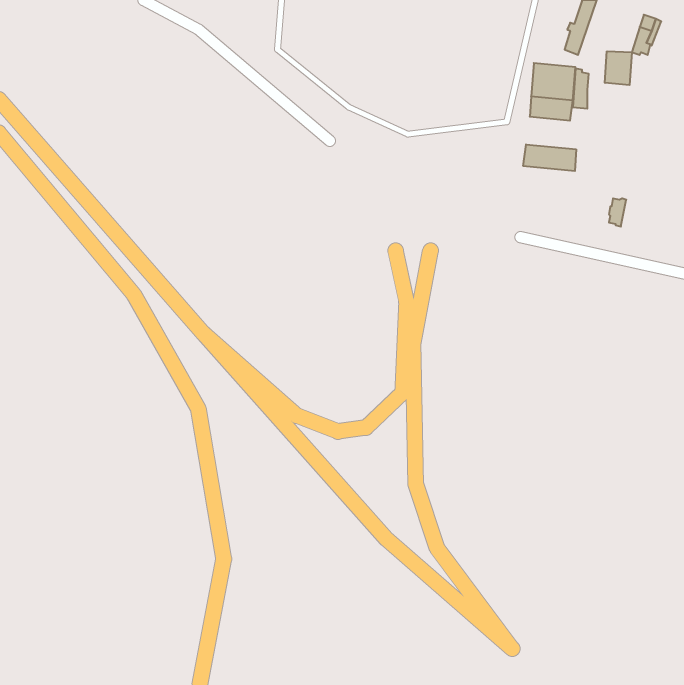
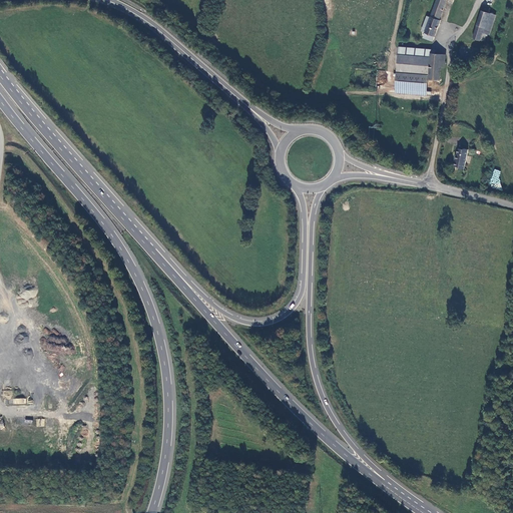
building: [605,51,632,85] -> none
building: [523,144,576,171] -> none

